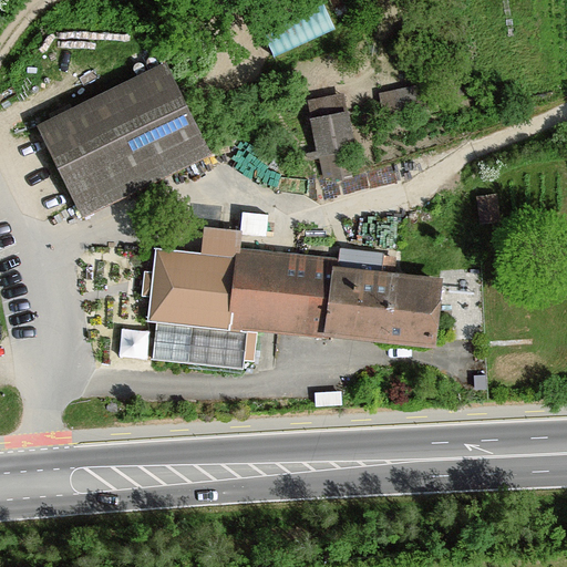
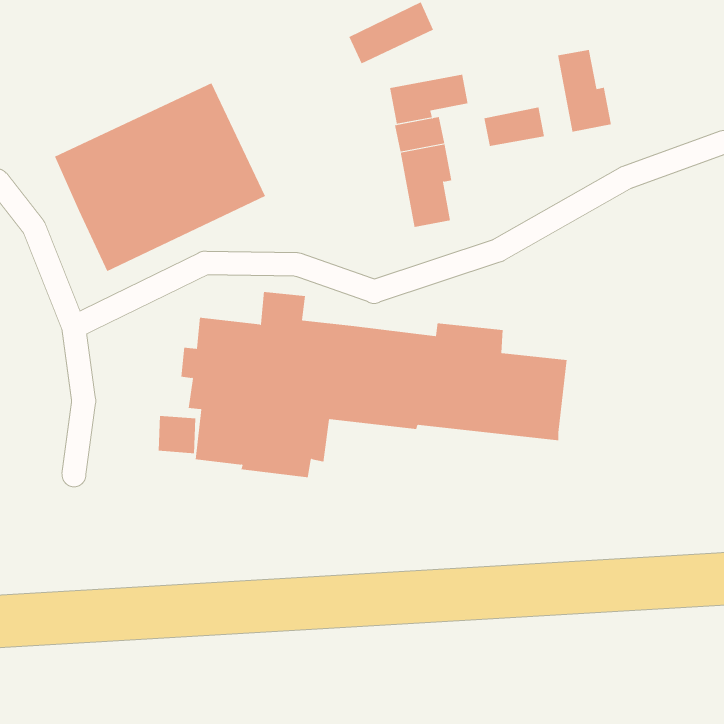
building: none -> [557,49,611,132]
building: none -> [389,74,468,125]

